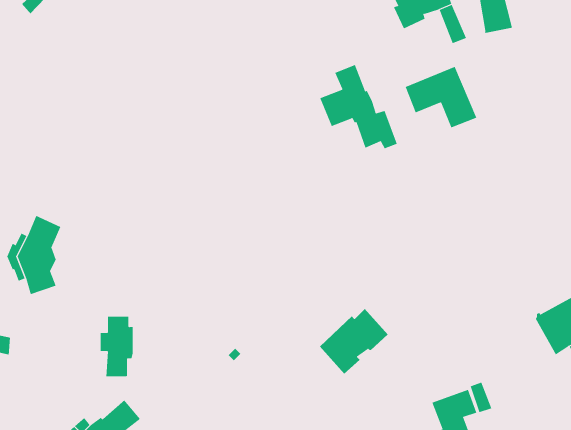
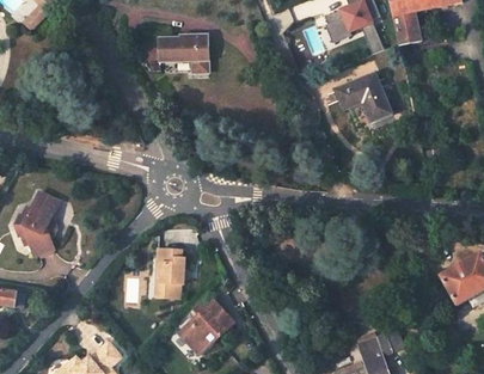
building: none -> [158,35,208,72]
building: [319,64,398,149] -> none
building: [319,308,389,374] -> [177,301,233,355]
building: [100,316,134,377] -> [153,250,180,299]

